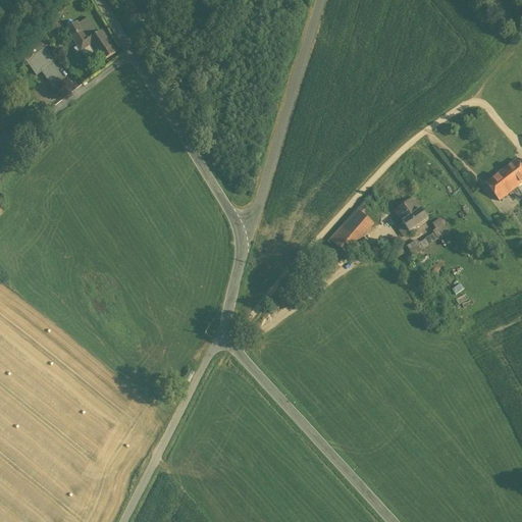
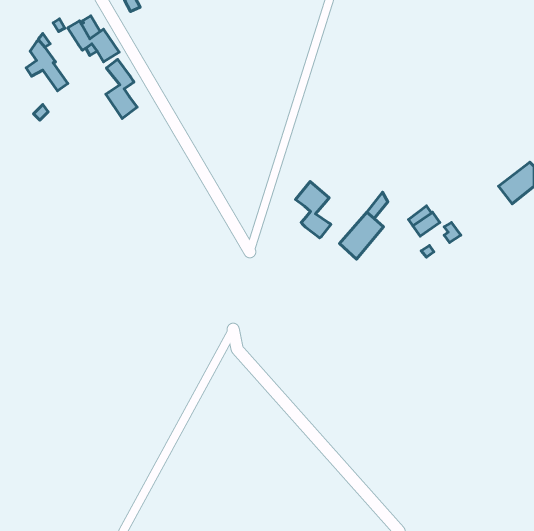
building: none -> [106,60,137,119]
building: none -> [296,181,331,238]

